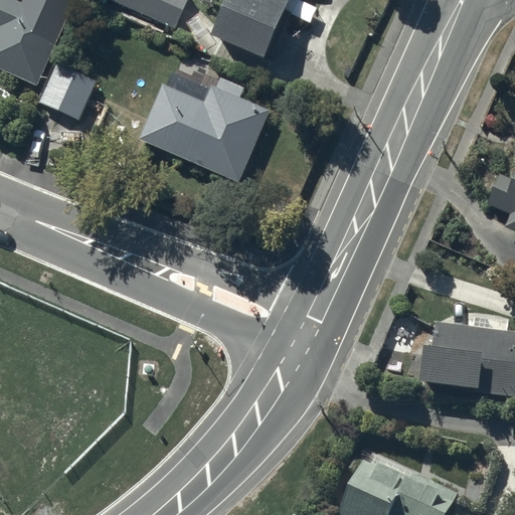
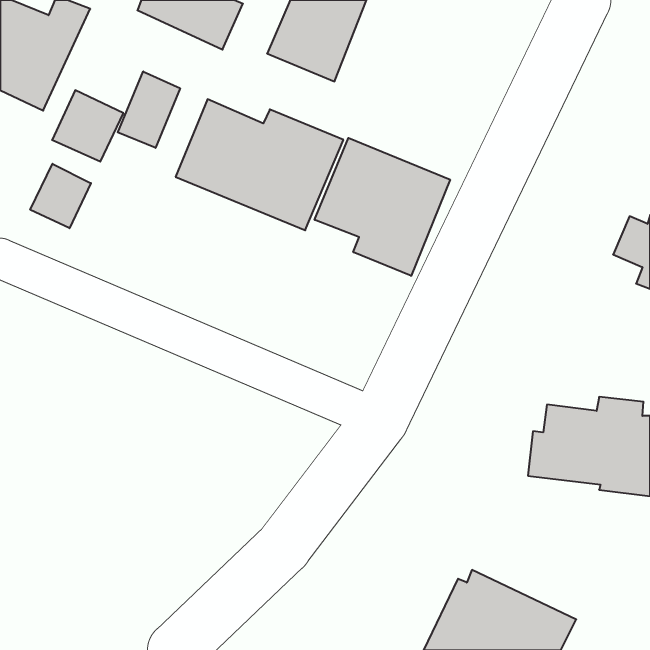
building: none -> [118,71,180,148]
building: none -> [315,138,450,276]
building: none -> [30,164,91,228]

